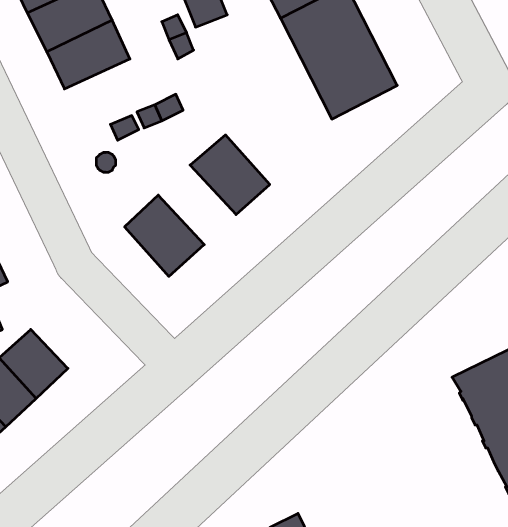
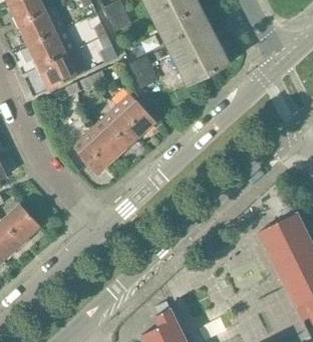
building: none -> [38,51,85,90]
building: none -> [128,56,156,89]
building: none -> [91,111,135,156]

